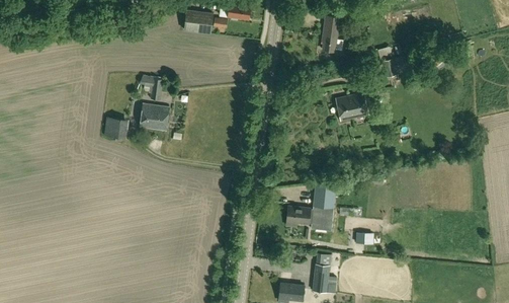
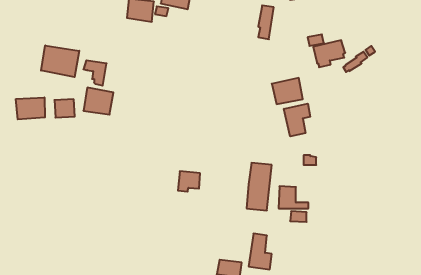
building: none -> [41,45,79,77]
building: none -> [16,97,45,119]
building: none -> [284,104,310,136]
building: [286,207,310,228] -> [178,171,200,192]

